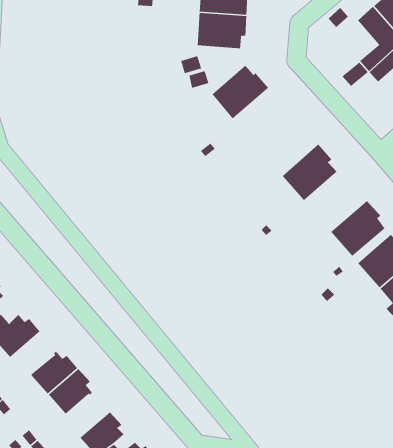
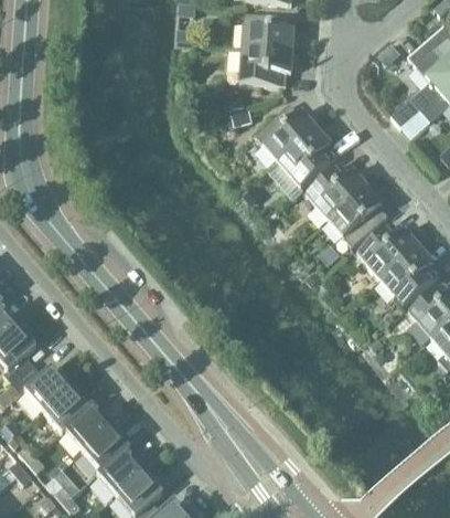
building: none -> [277,127,335,187]
building: none -> [306,162,367,220]
building: none -> [356,221,418,278]
building: none -> [43,383,89,433]
building: none -> [97,450,148,495]

